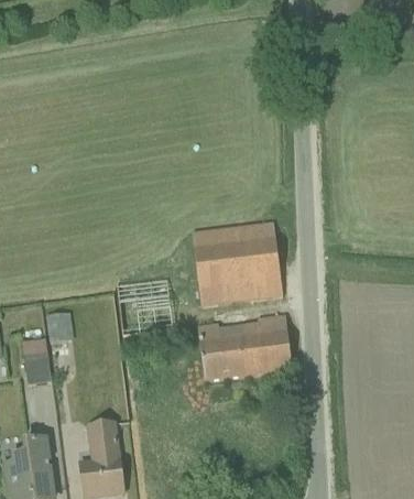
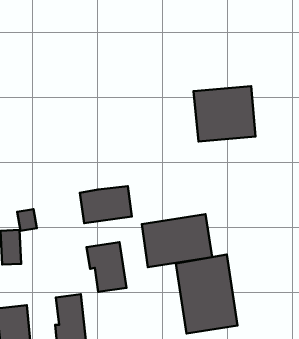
building: [198,225,281,299] -> [193,86,255,142]
building: none -> [87,242,127,292]
building: none -> [176,255,238,333]

